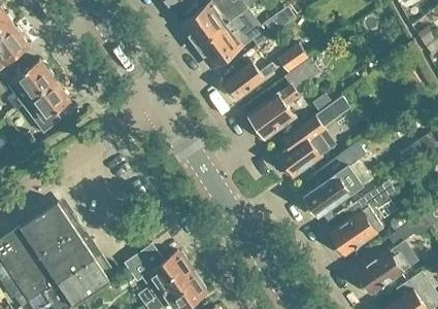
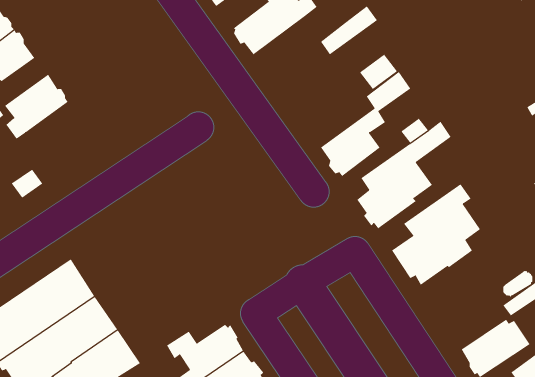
building: [197,15,247,67] -> none
building: [224,63,276,100] -> none
building: [22,81,70,134] -> none
building: [330,181,394,255] -> none

